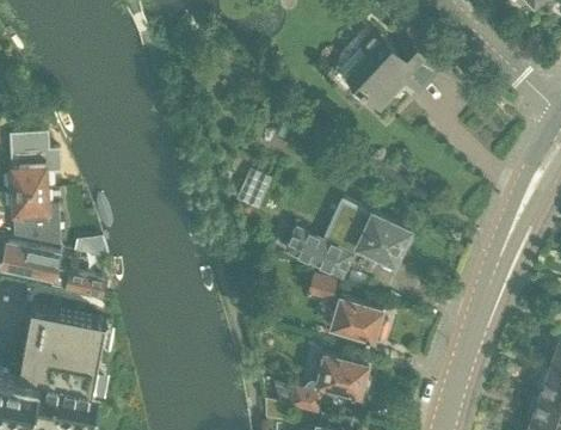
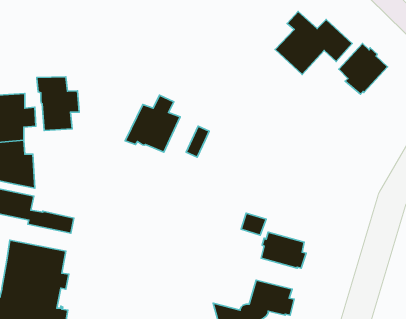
building: none -> [339,44,387,94]
building: none -> [37,77,79,130]
building: none -> [125,95,180,152]
building: [285,207,412,277] -> none

